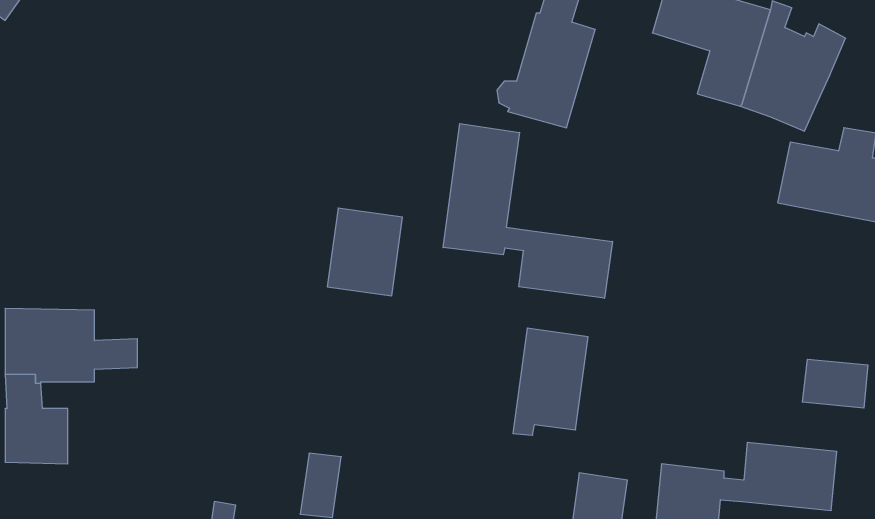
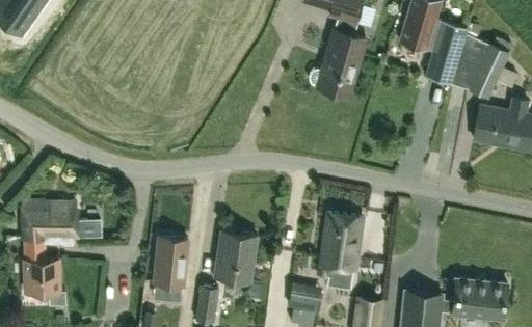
building: [443,124,612,298] -> none
building: [327,208,402,296] -> [214,231,258,282]
building: [802,359,868,408] -> none
building: none -> [154,237,188,287]
building: none -> [288,283,321,314]

